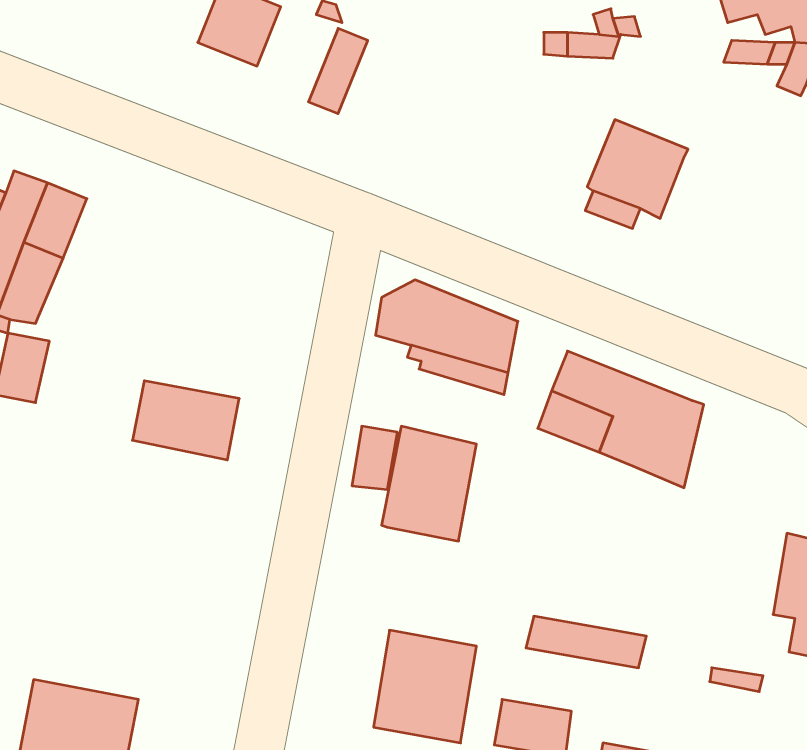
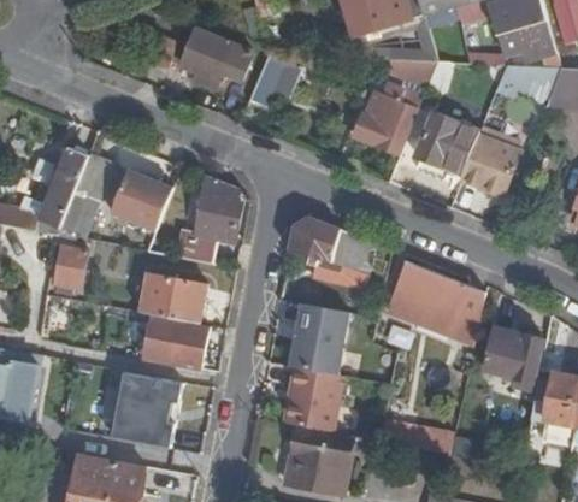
building: none -> [352,88,417,158]
building: none -> [459,138,518,197]
building: none -> [111,169,171,229]
building: none -> [177,175,238,264]
building: none -> [144,317,207,367]
building: none -> [484,324,543,397]
building: none -> [285,364,344,429]
building: none -> [108,372,181,449]

